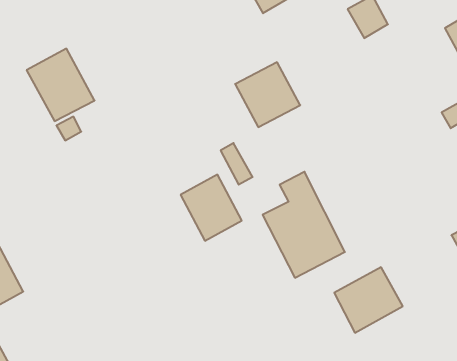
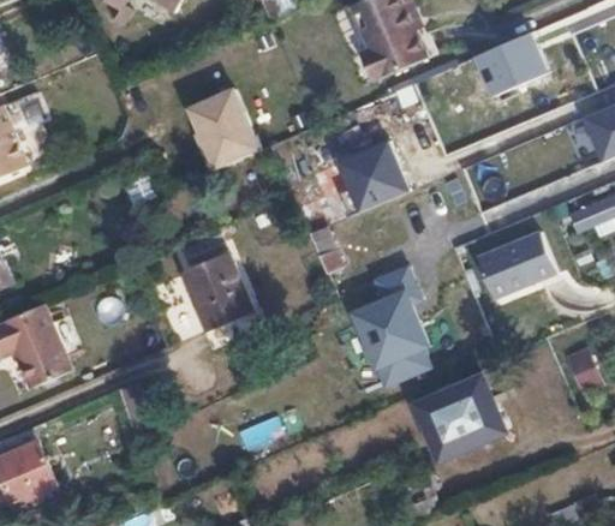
building: [27,49,95,121] -> [183,86,257,168]
building: none -> [474,231,554,300]
building: [181,175,242,241] -> [186,253,253,328]

